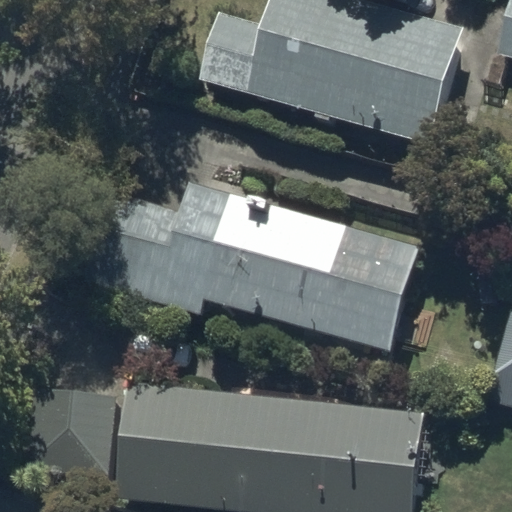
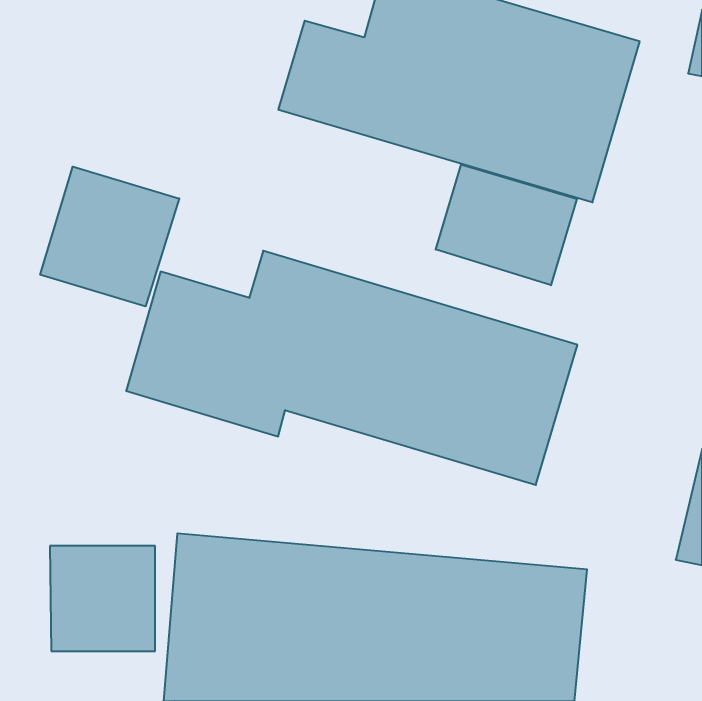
building: none -> [436,164,577,285]
building: none -> [40,167,179,306]

